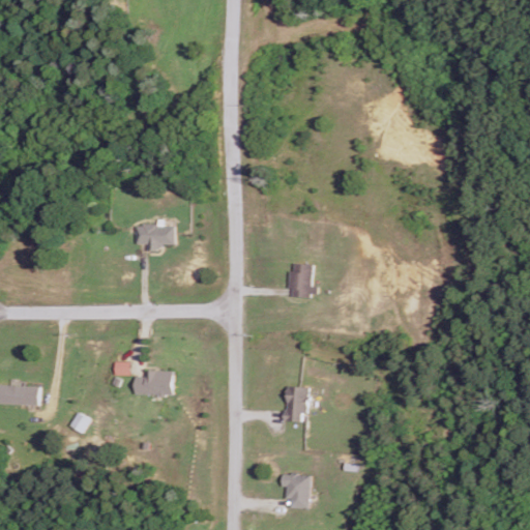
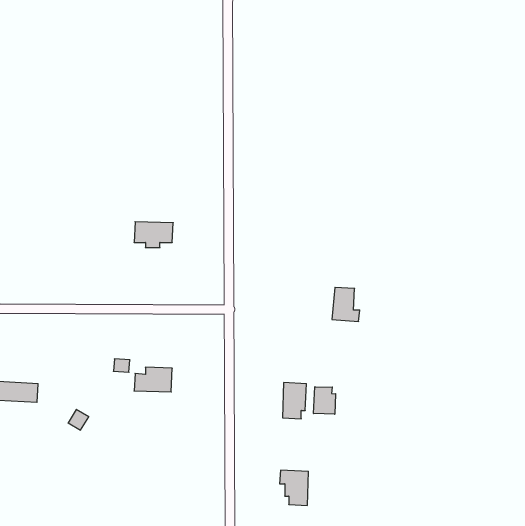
building: [287,263,315,297] -> [332,287,360,321]
building: none -> [314,387,336,414]

